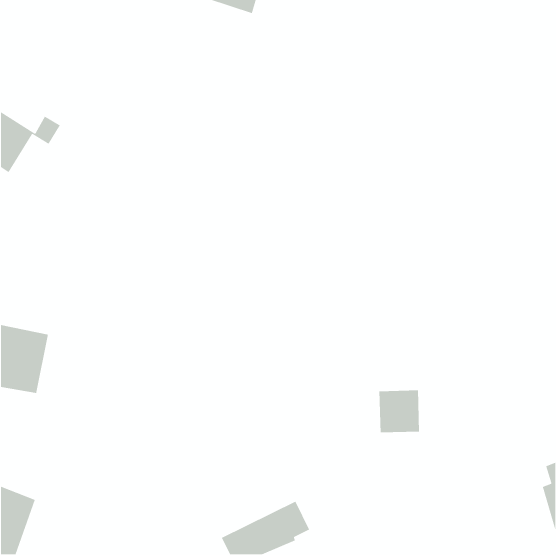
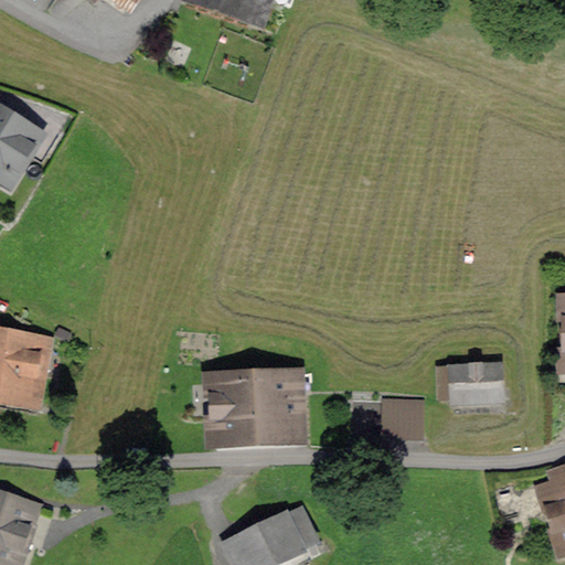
building: none -> [438,364,499,397]
building: none -> [213,375,296,439]

